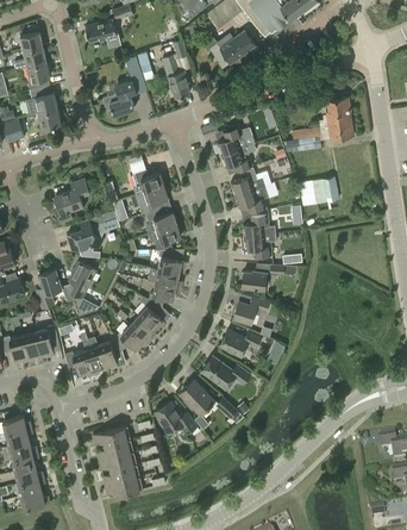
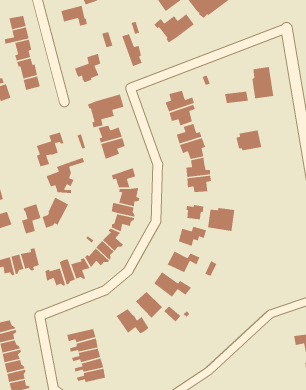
building: none -> [87,93,124,128]
building: [145,207,177,233] -> none
building: none -> [207,207,235,232]

